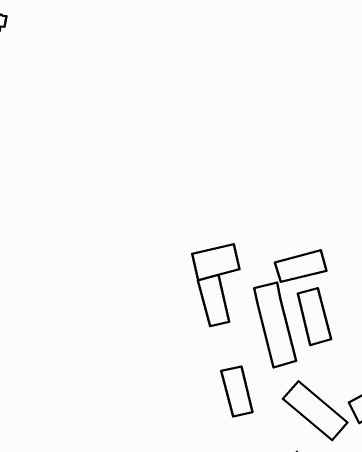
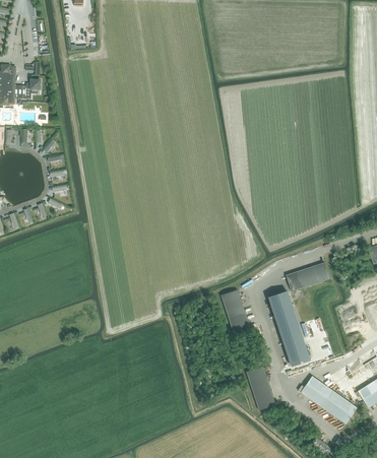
building: [192,244,239,280] -> none
building: [298,288,331,345] -> none

